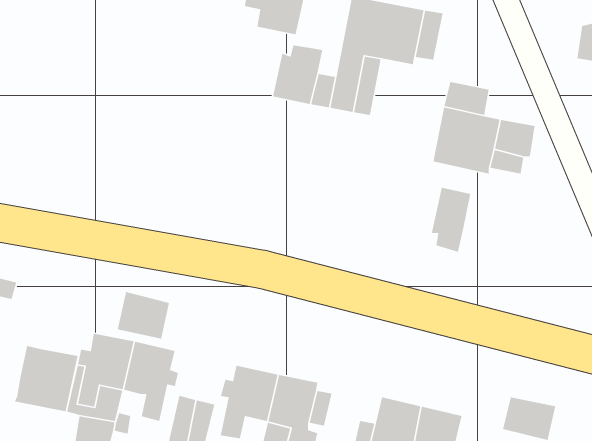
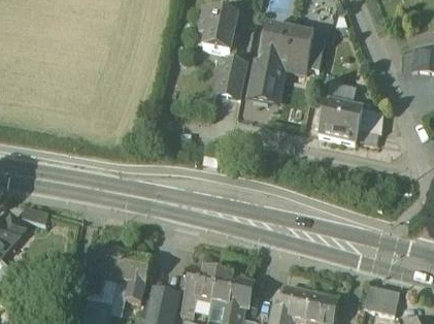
building: [431,187,471,253] -> none
building: [117,291,170,339] -> none
building: [14,345,79,412] -> none

